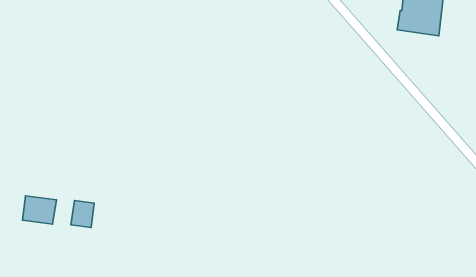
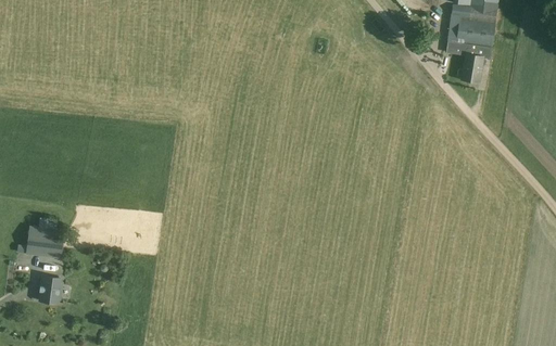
building: none -> [455,49,483,82]
building: [71,200,94,228] -> [37,274,63,305]

